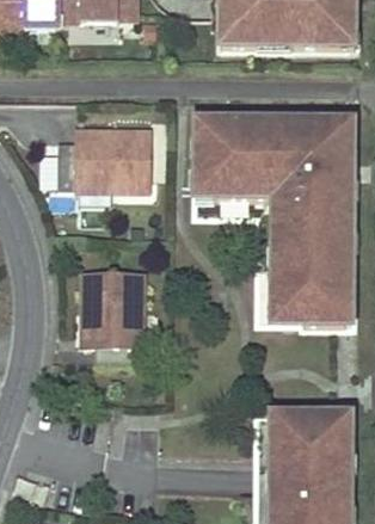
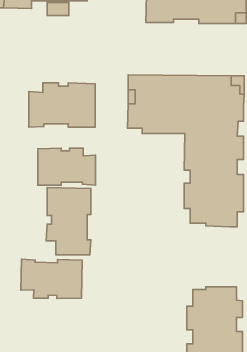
building: none -> [38,148,95,185]
building: none -> [21,259,82,298]

